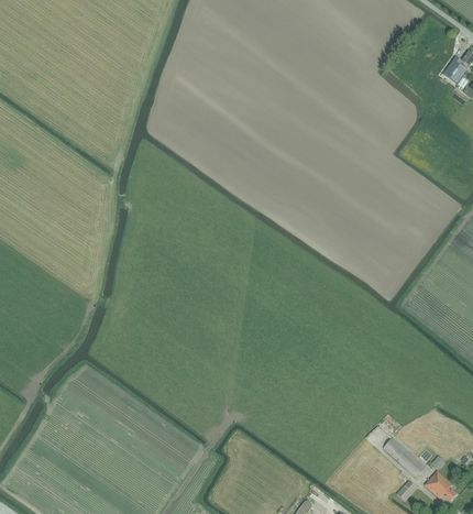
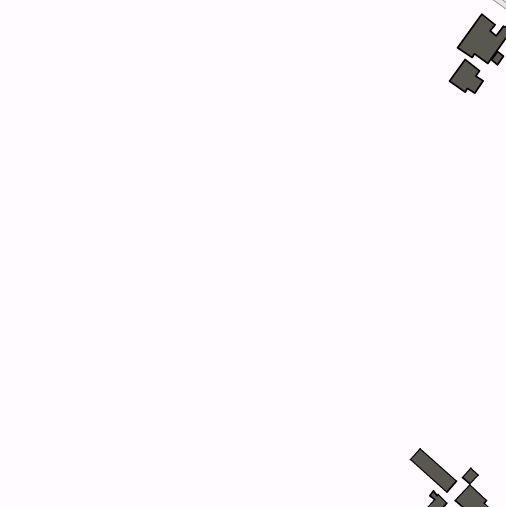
building: none -> [450,59,483,93]

